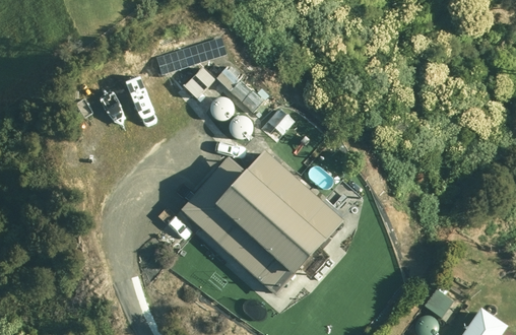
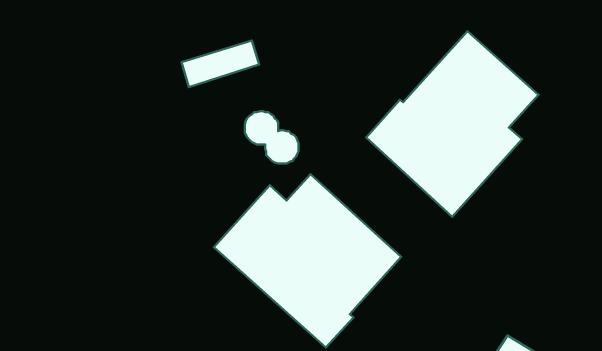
building: none -> [366,31,538,217]

